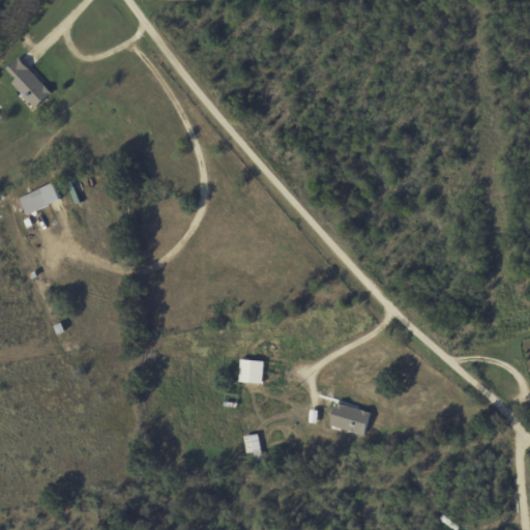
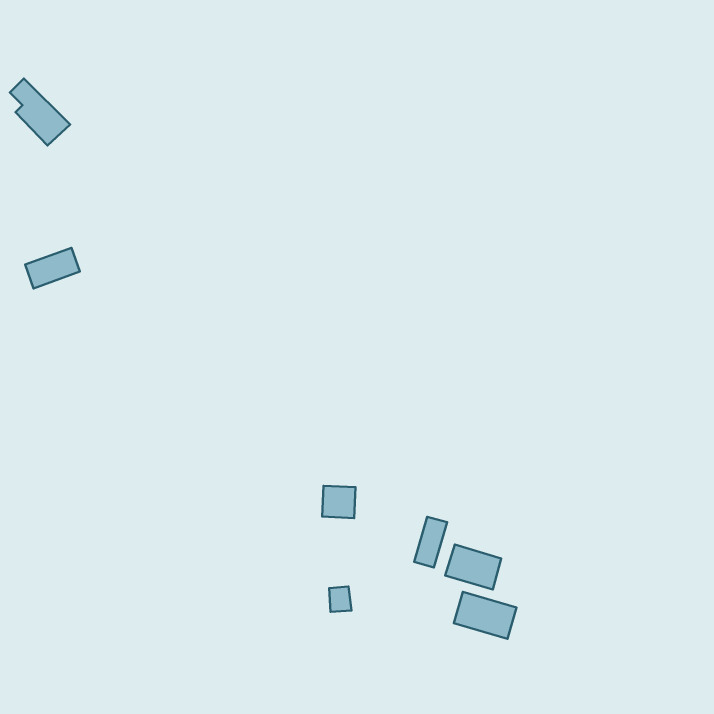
building: none -> [414,517,447,567]
building: none -> [454,592,516,639]

